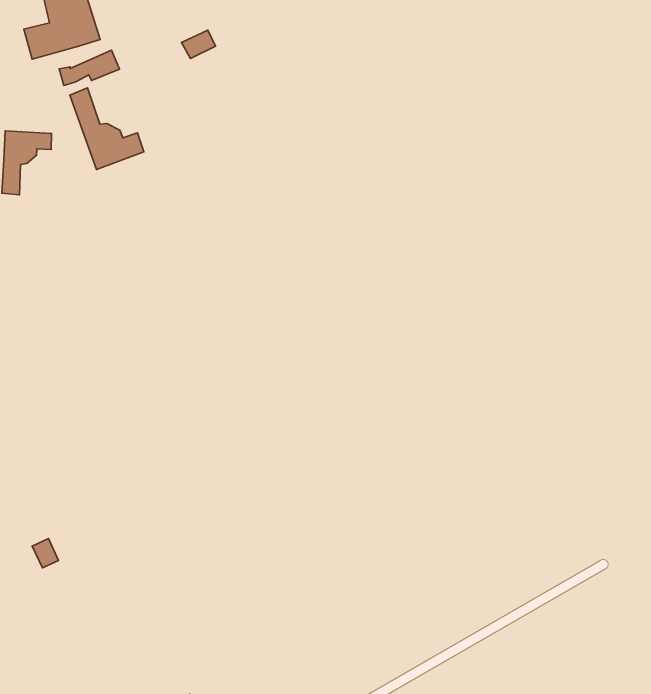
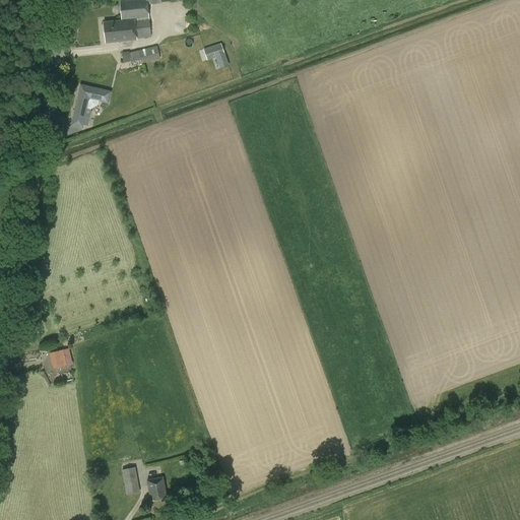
building: [70,88,144,169] -> none

